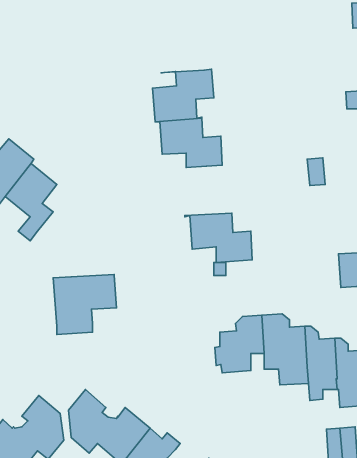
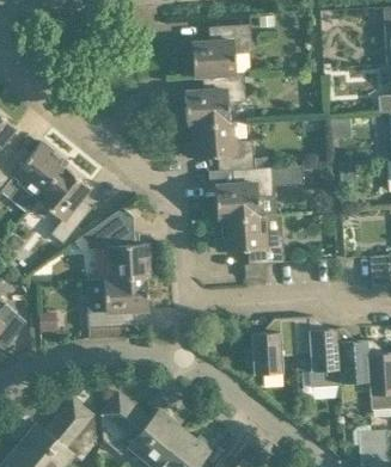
building: none -> [193,24,252,76]
building: none -> [215,165,304,219]
building: none -> [75,208,152,279]

